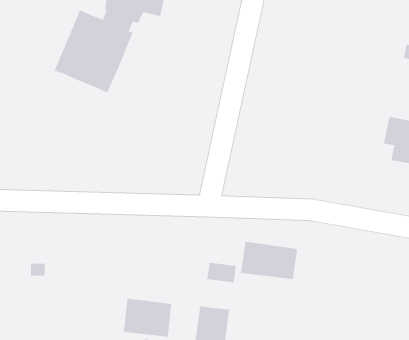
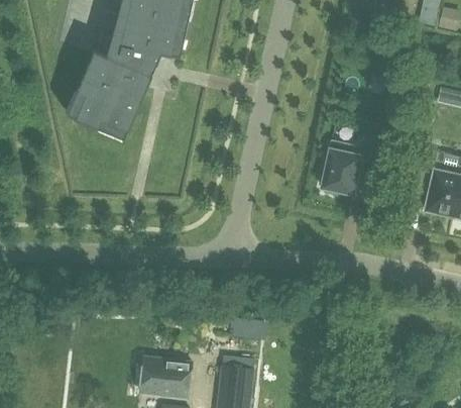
building: none -> [321,137,376,194]
building: [241,241,298,280] -> none

